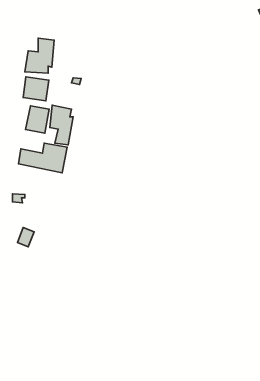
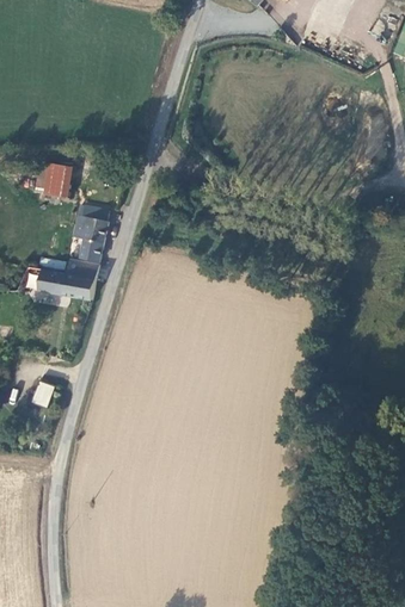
building: [25,38,54,73] -> none
building: [26,106,49,133] -> none

